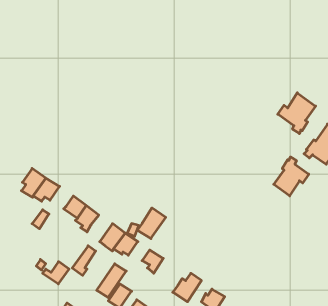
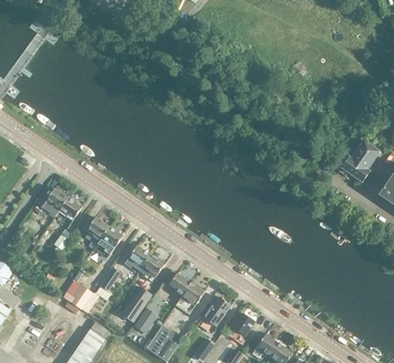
building: [278,93,316,134] -> none
building: [274,157,309,196] -> none
building: [137,208,166,239] -> [175,281,205,313]

